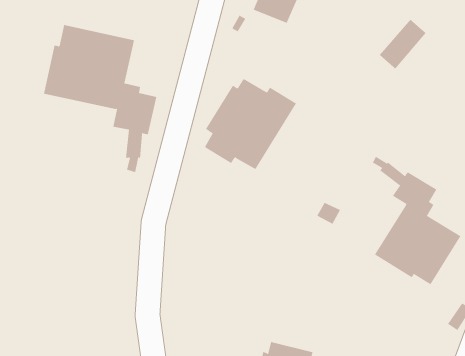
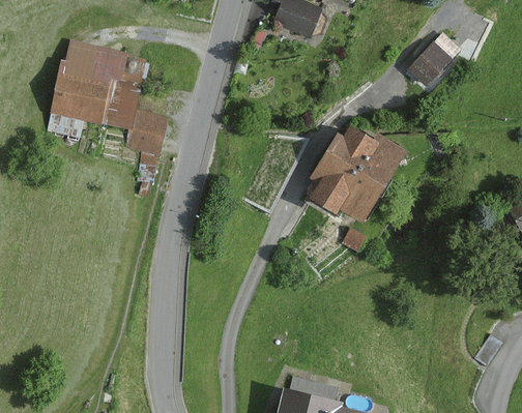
building: [204,78,297,170] -> [308,124,406,222]
building: [372,156,461,285] -> none

